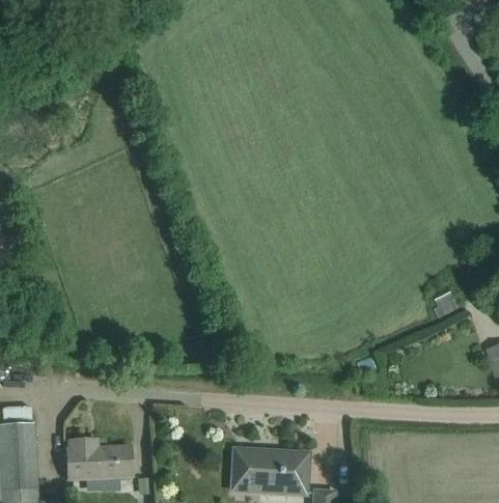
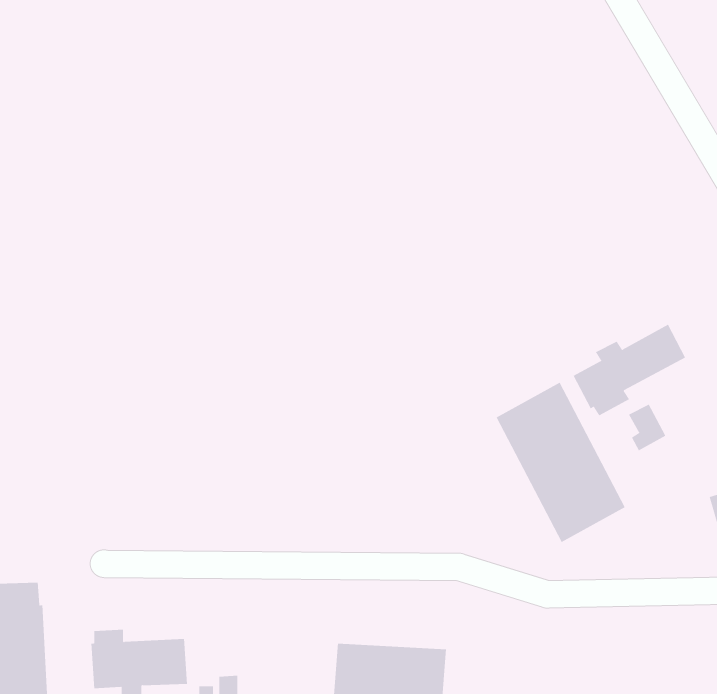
building: none -> [573,324,686,416]
building: none -> [496,382,626,543]

